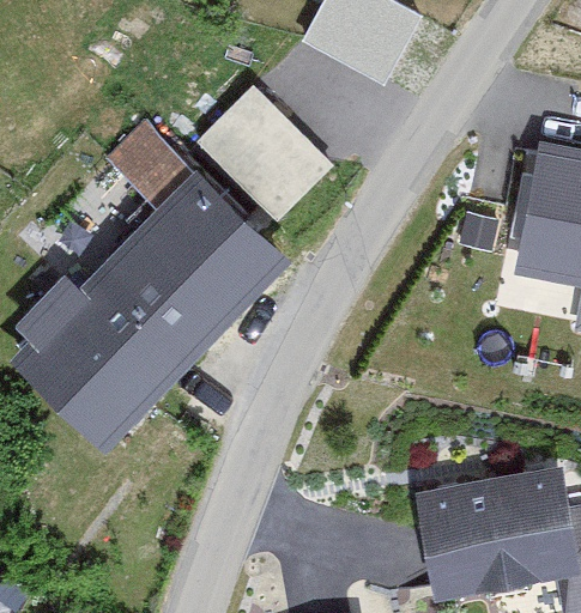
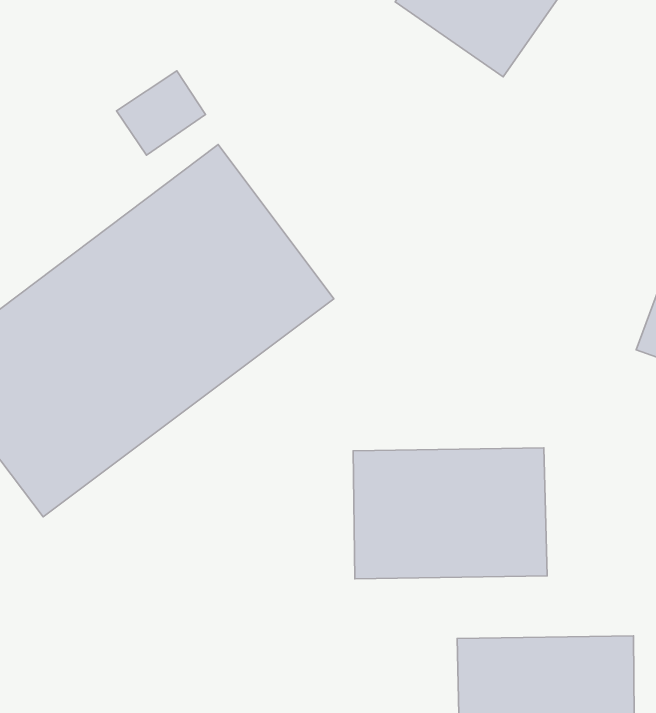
building: [195,78,333,214] -> none
building: none -> [353,448,547,579]

